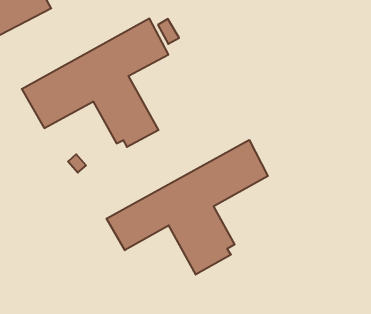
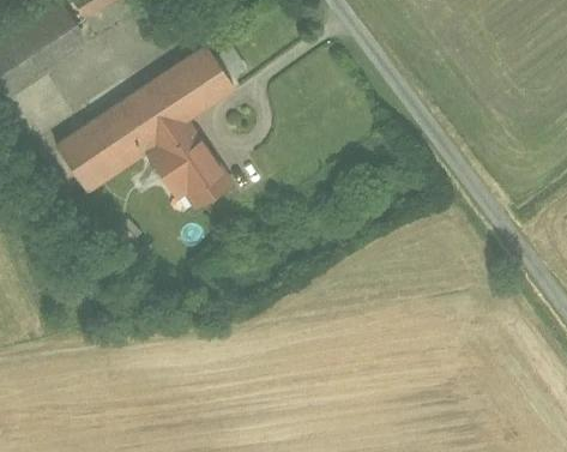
building: [106,140,268,275] -> none

